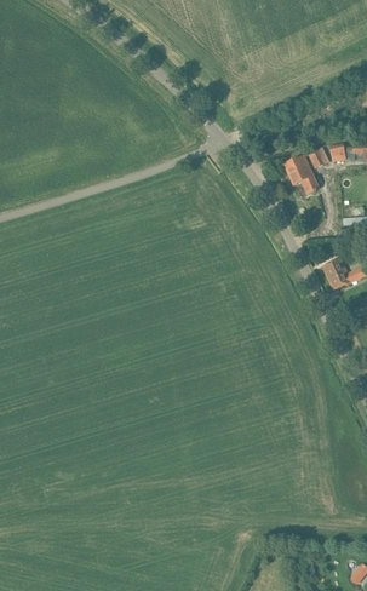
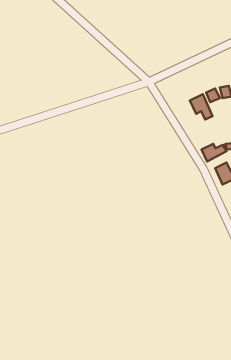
building: none -> [201,144,226,162]

